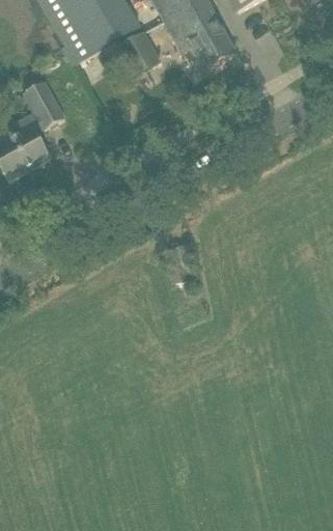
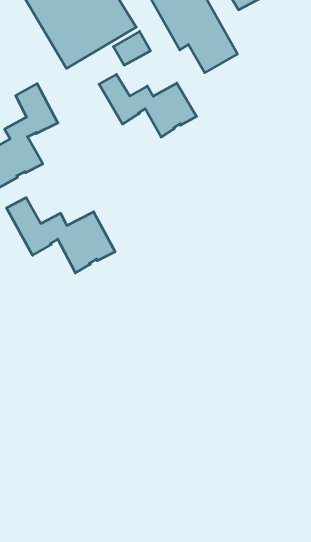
building: none -> [99,74,197,137]
building: none -> [7,198,115,273]

